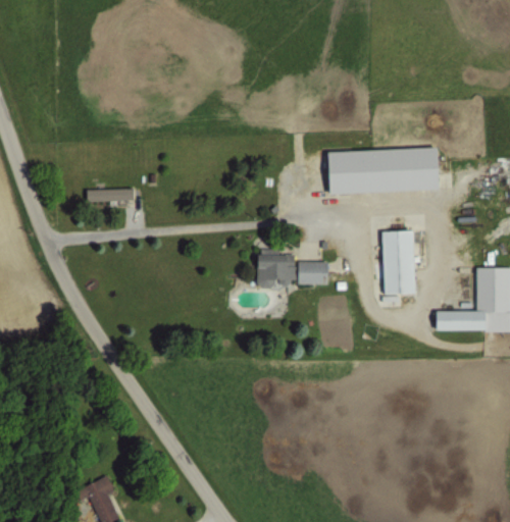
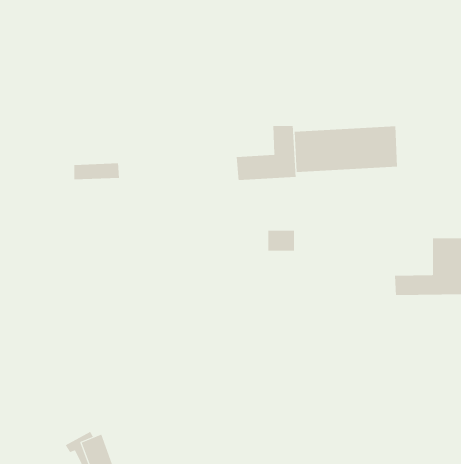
building: none -> [236,125,296,181]
building: [382,231,416,295] -> none
building: [257,253,295,289] -> none

